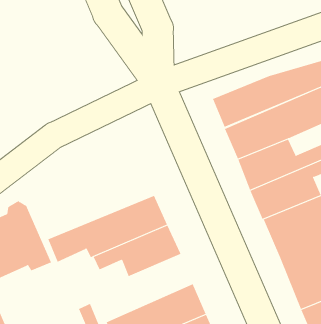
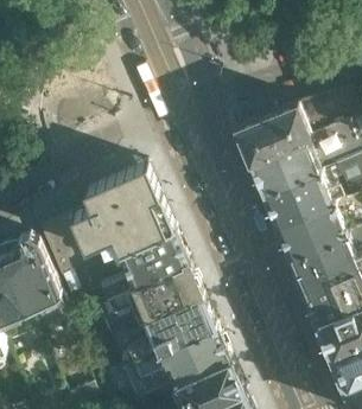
building: none -> [36,167,171,280]
building: none -> [112,296,212,365]

